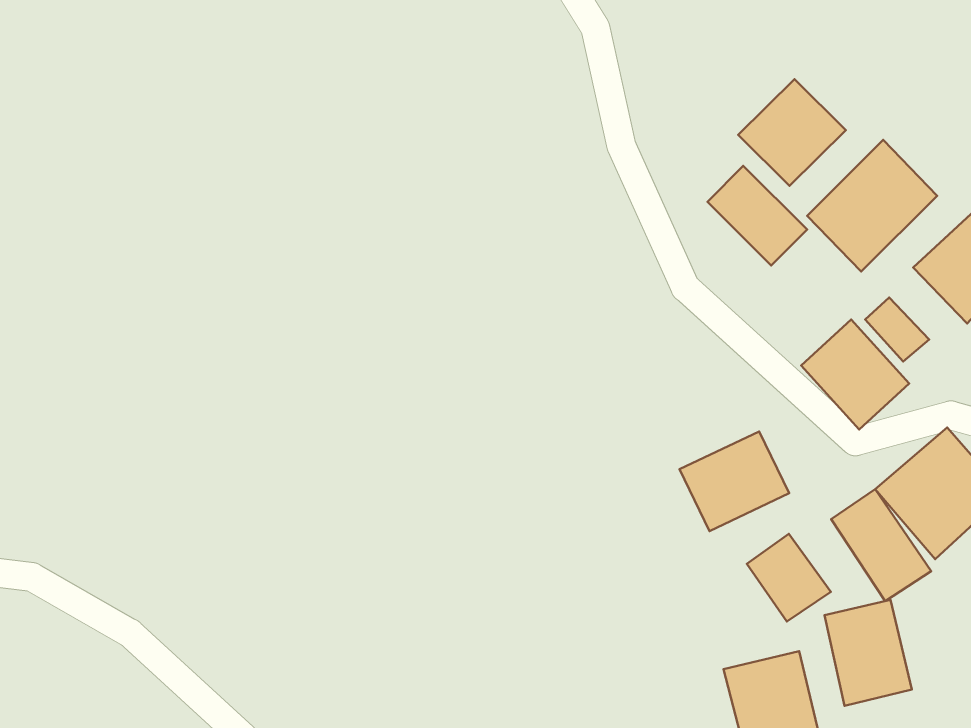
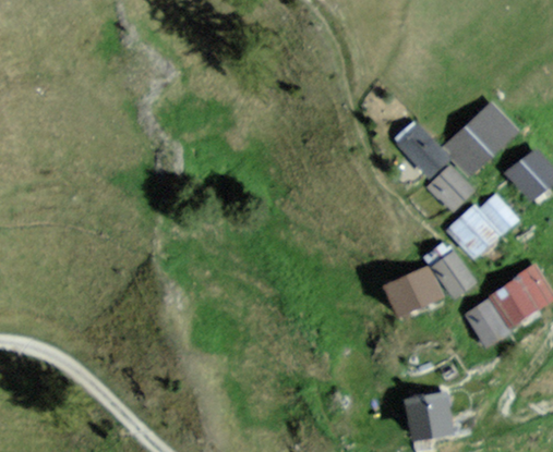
building: [738,79,846,186] -> none
building: none -> [425,160,474,209]
building: [747,534,831,622] -> [428,252,473,300]
building: [825,600,912,706] -> none

